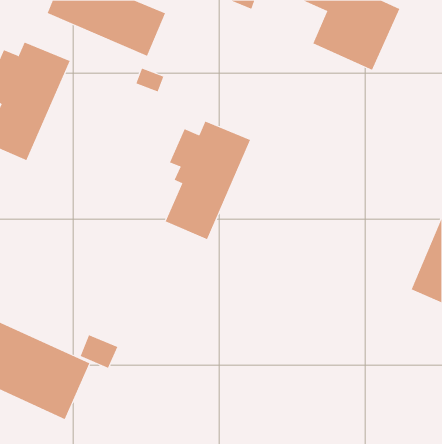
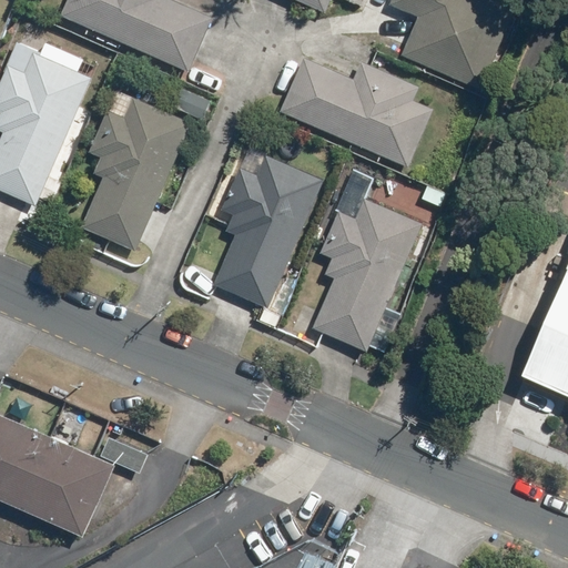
building: none -> [278,57,432,165]
building: none -> [81,97,191,250]
building: none -> [312,197,423,351]

